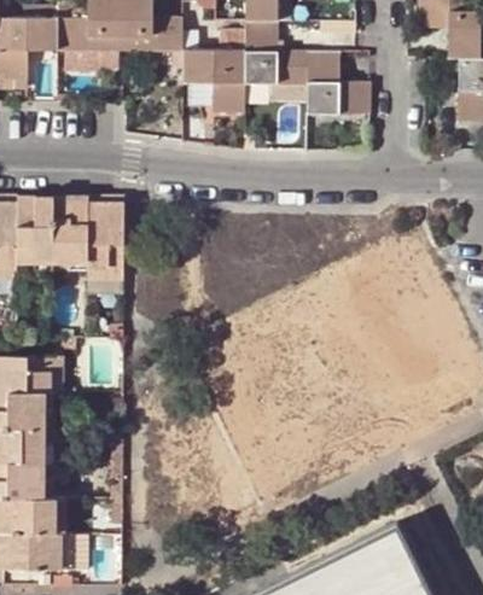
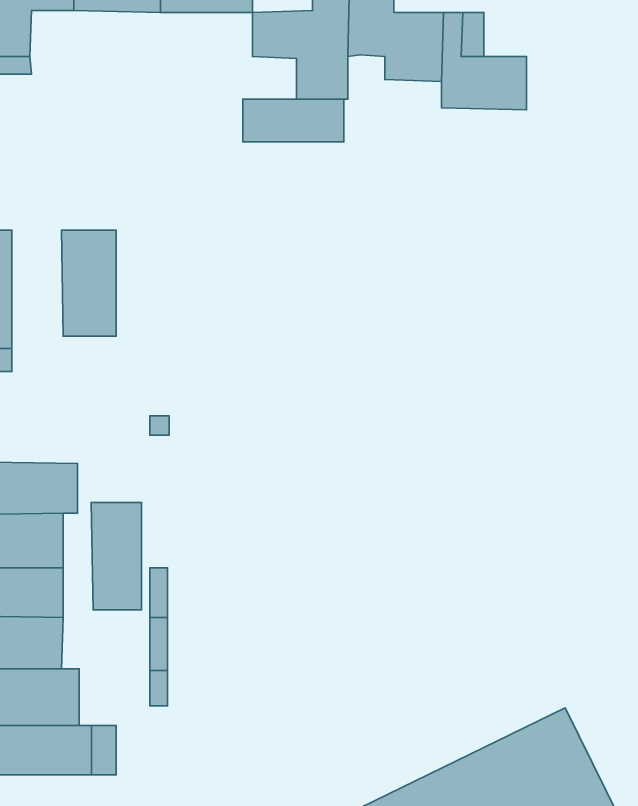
building: none -> [243,99,344,142]
building: [14,199,50,272] -> none
building: [86,199,123,281] -> none
building: none -> [91,503,142,610]

